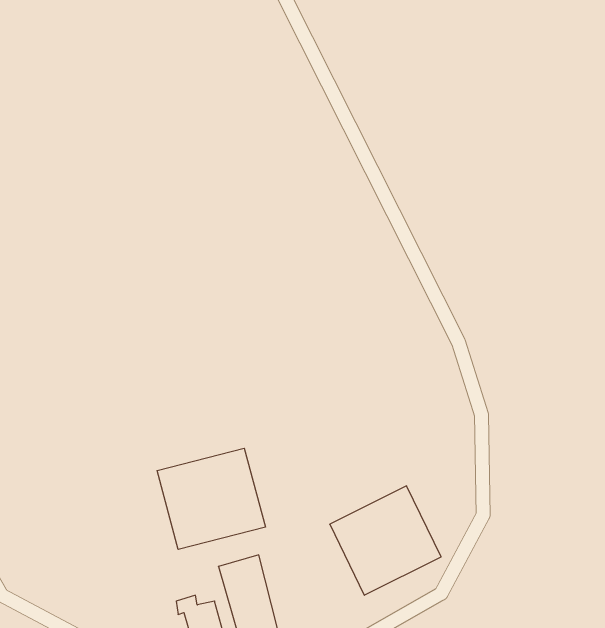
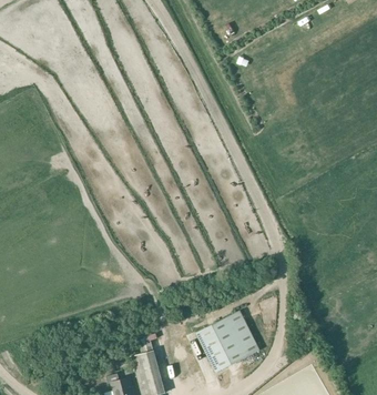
building: [157,448,265,549] -> none

